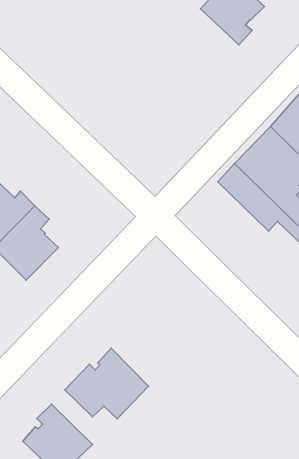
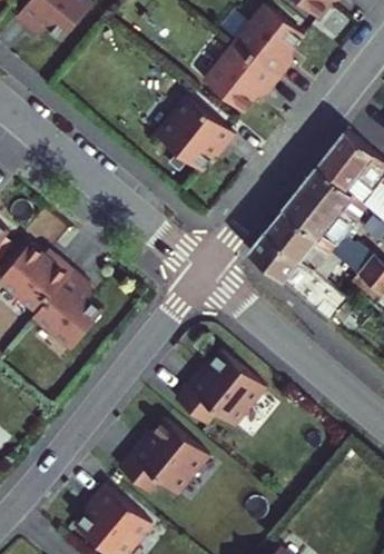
building: none -> [201,43,277,112]
building: none -> [154,96,233,171]
building: none -> [248,229,349,320]
building: none -> [175,350,266,426]

